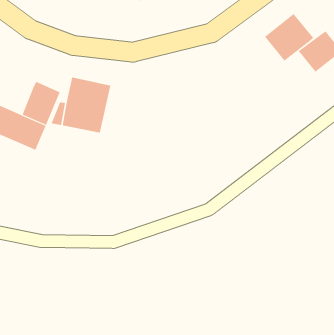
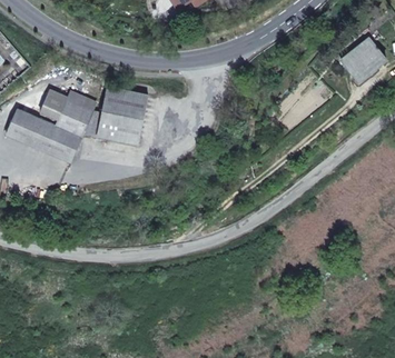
building: [264,13,314,61] -> none
building: none -> [40,89,67,119]

